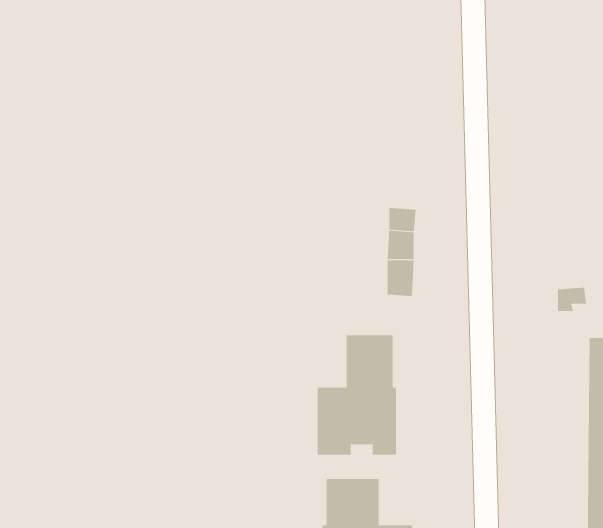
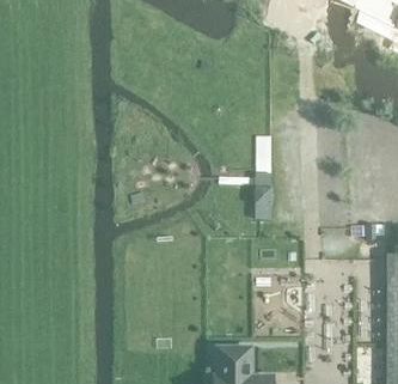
building: [317,335,396,456] -> none

